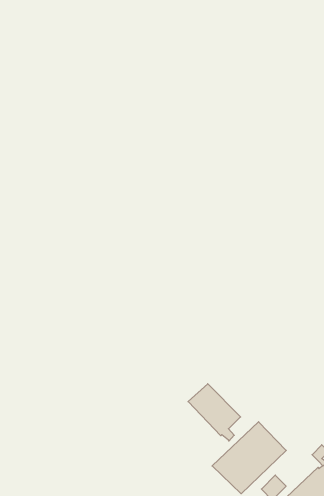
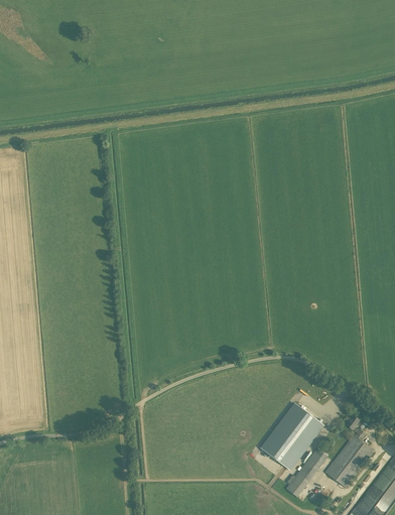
building: [188,384,241,441] -> none

